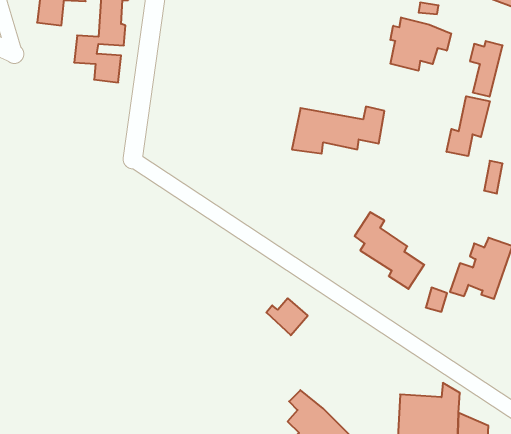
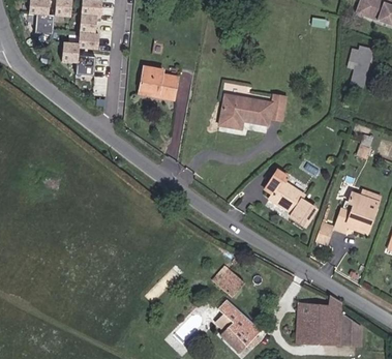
building: [390,17,451,71] -> none
building: none -> [140,66,177,98]
building: [447,96,490,156] -> none
building: [266,298,308,335] -> [213,269,243,296]

